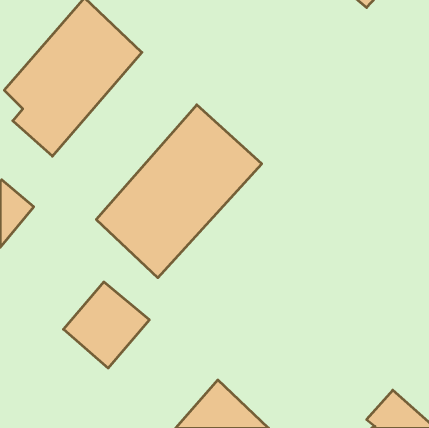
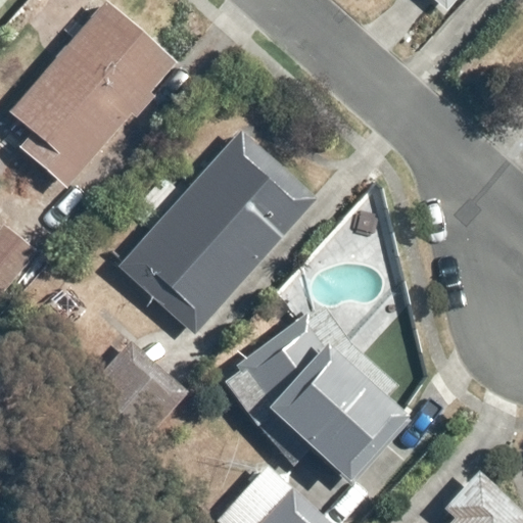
building: none -> [224,344,402,483]

